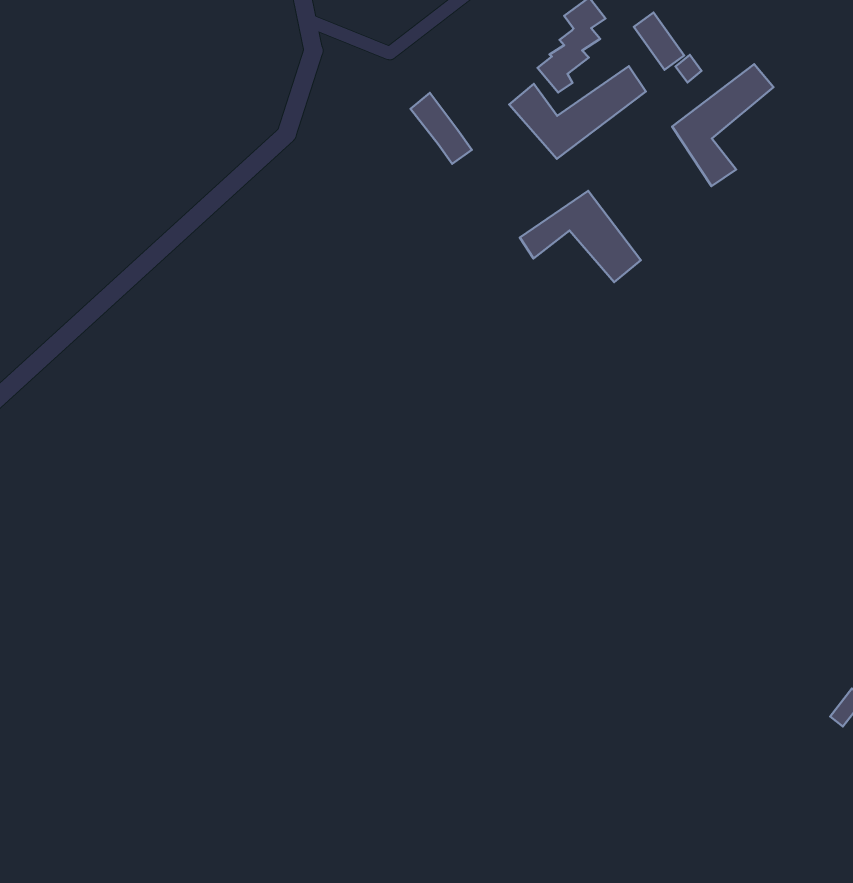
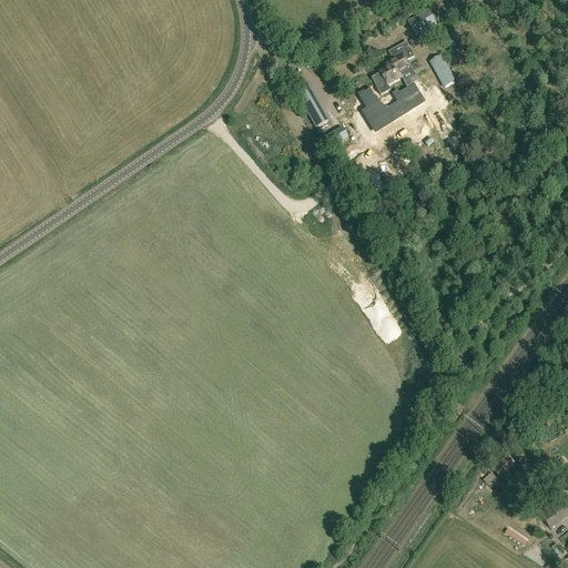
building: [672,64,773,186] -> none
building: [520,191,641,282] -> none

